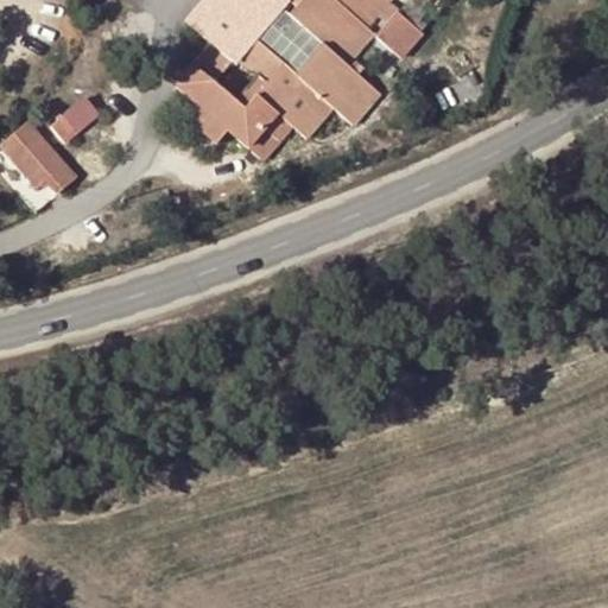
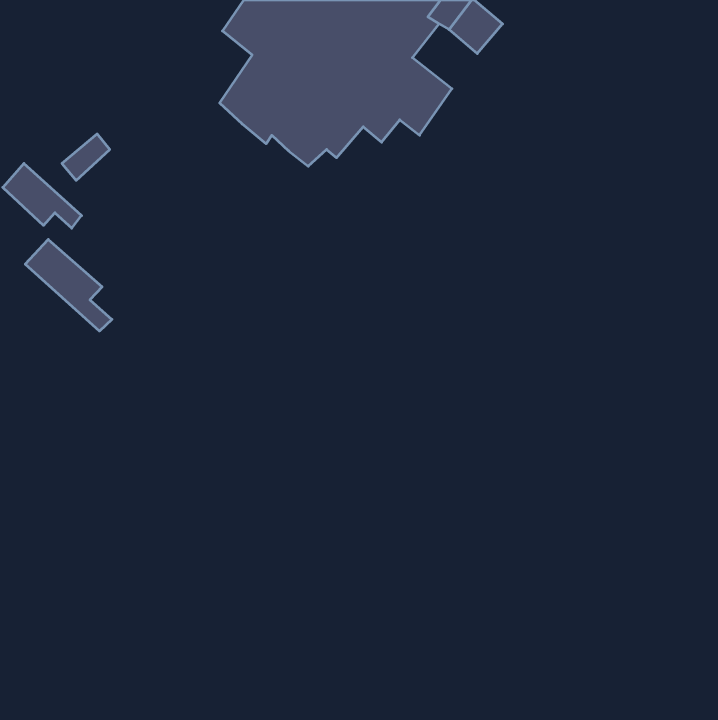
building: none -> [25,239,112,331]

